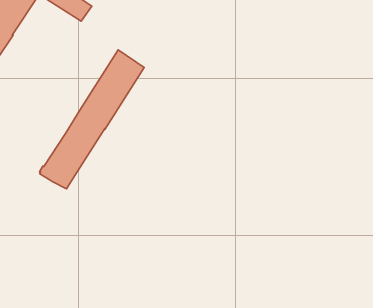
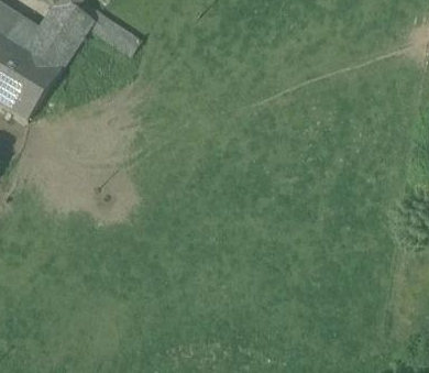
building: [39,50,144,189] -> none

